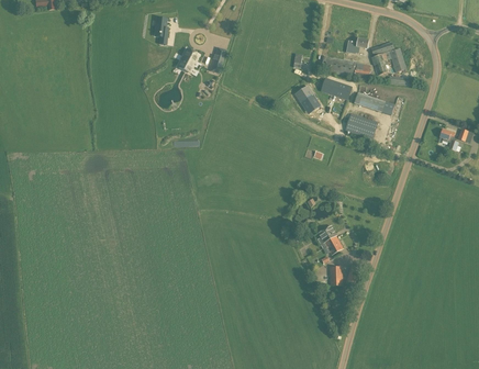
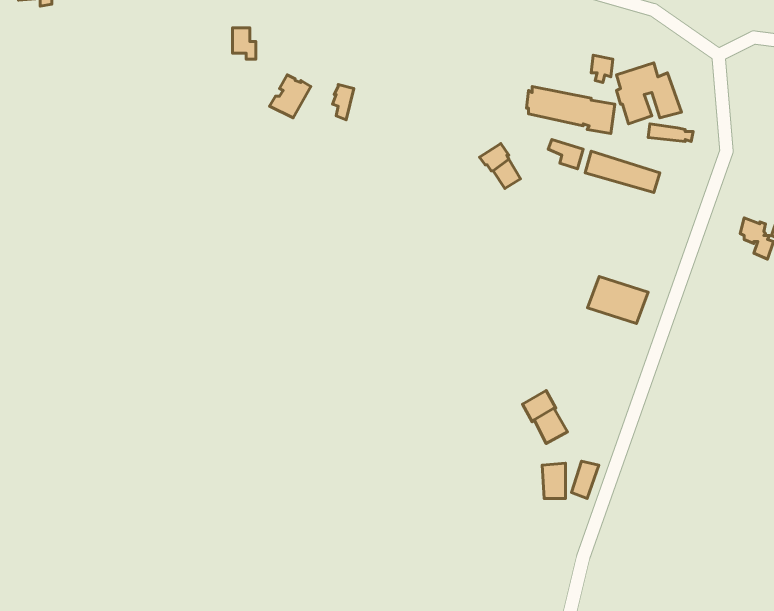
building: [345,112,379,138] -> [587,276,648,324]

